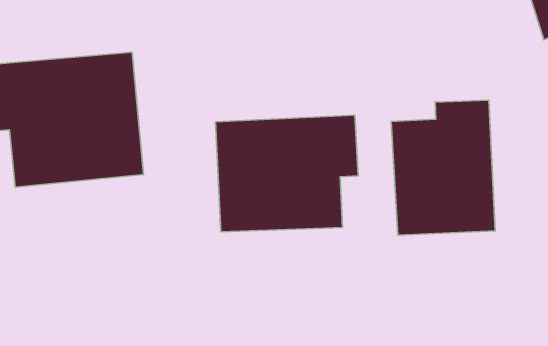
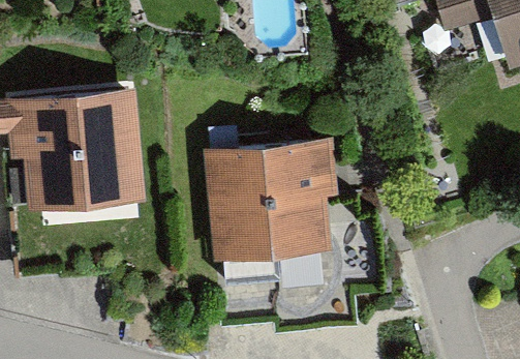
building: [391,100,495,235] -> none

